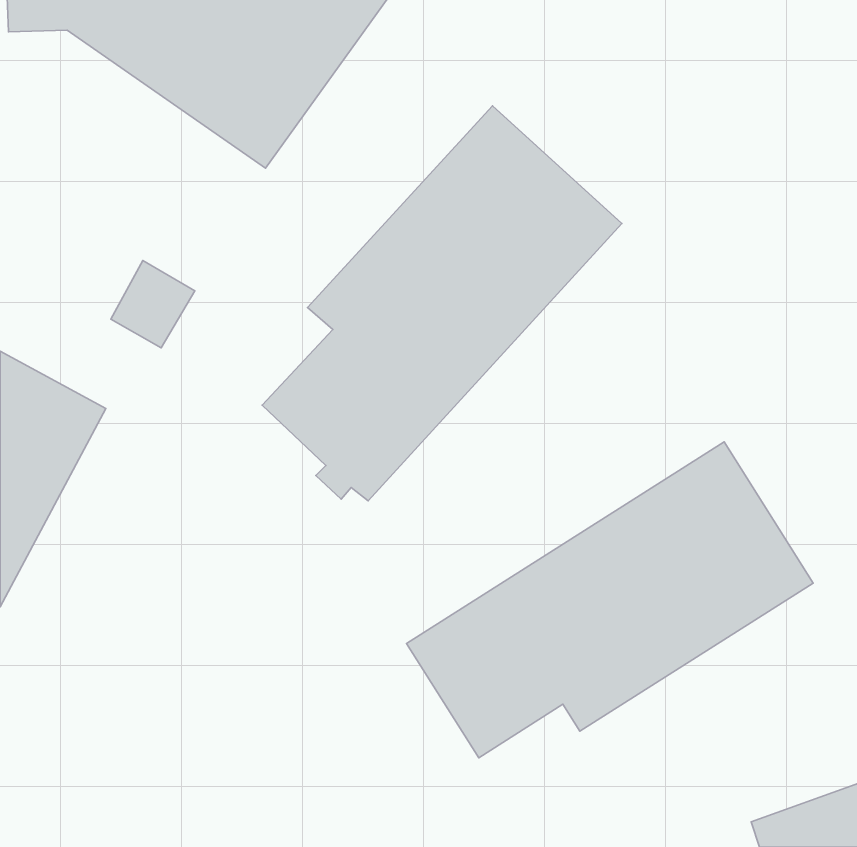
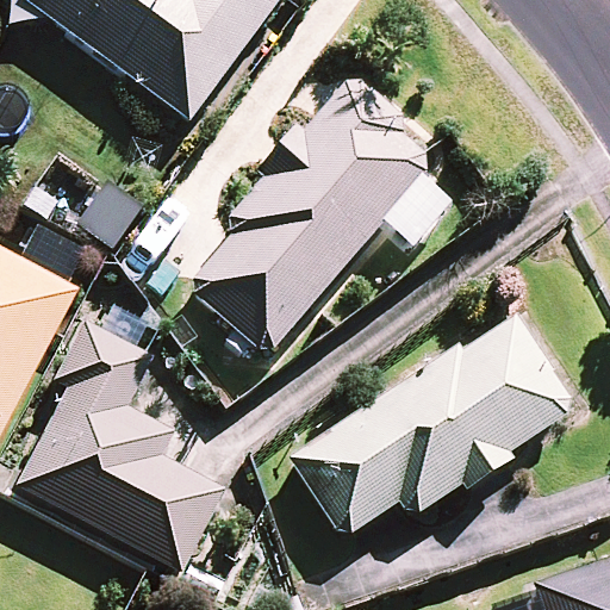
building: none -> [15,322,224,574]

